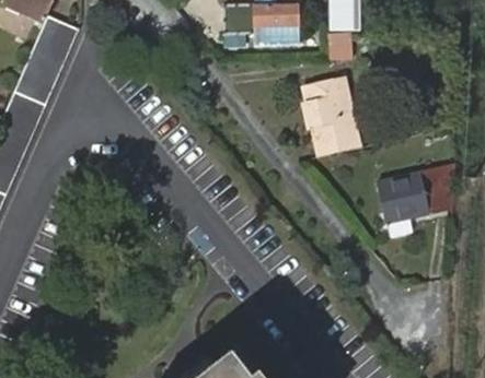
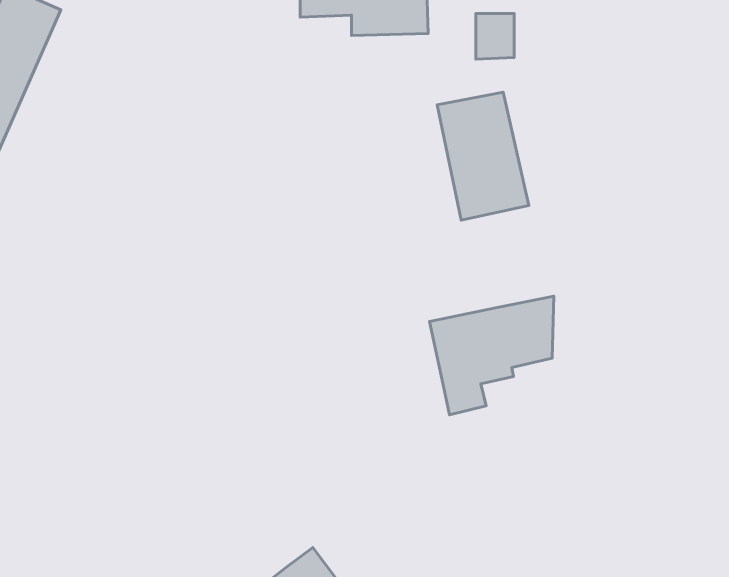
building: [377,165,451,236] -> [430,296,554,415]

